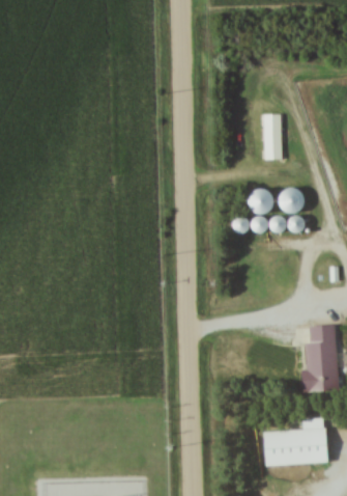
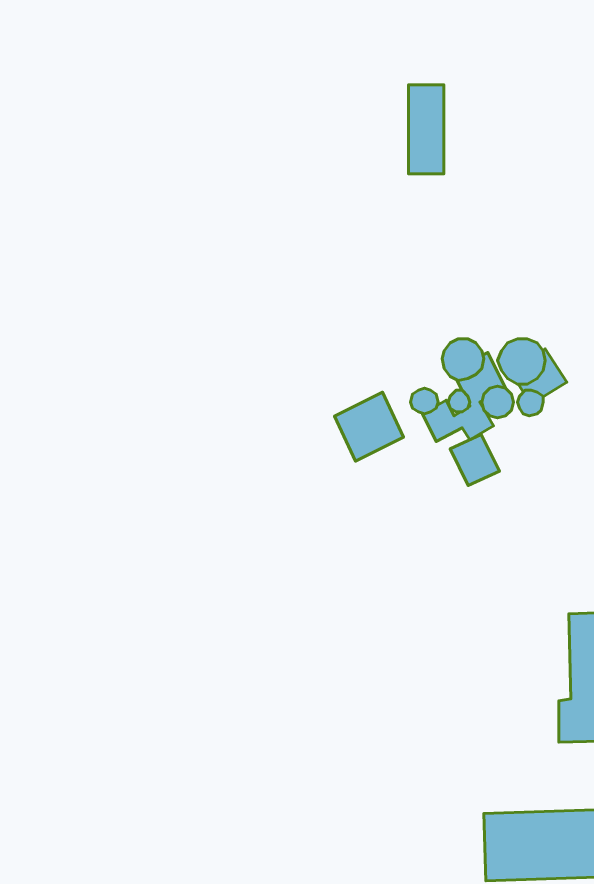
building: [264,113,283,160] -> [408,85,444,174]
building: none -> [335,392,403,461]
building: none -> [450,434,500,485]

